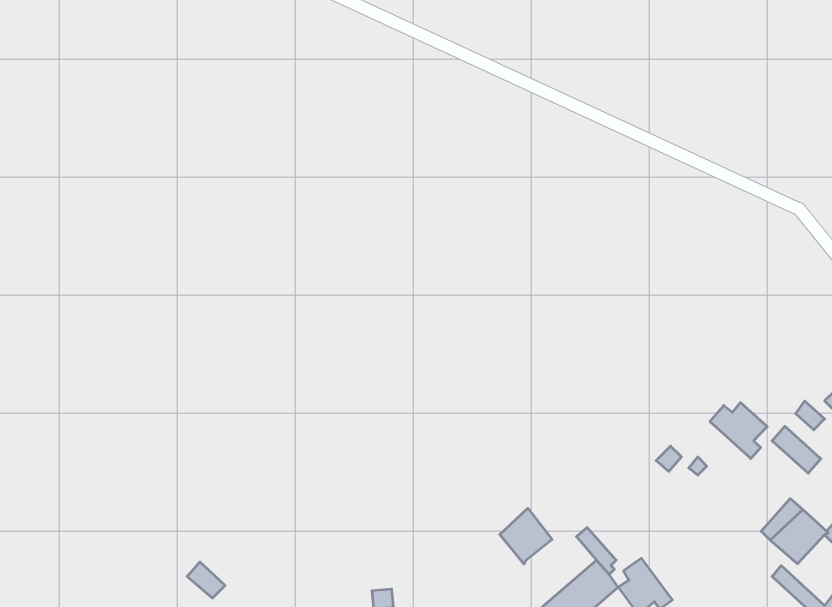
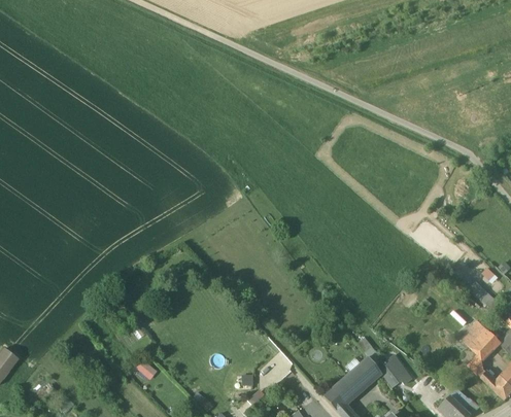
building: [710,403,767,459] -> none
building: [500,508,552,564] -> none

